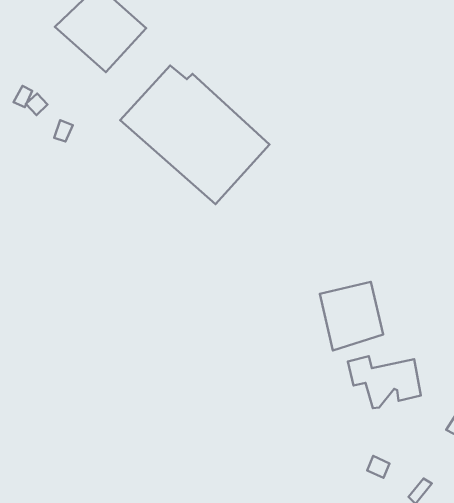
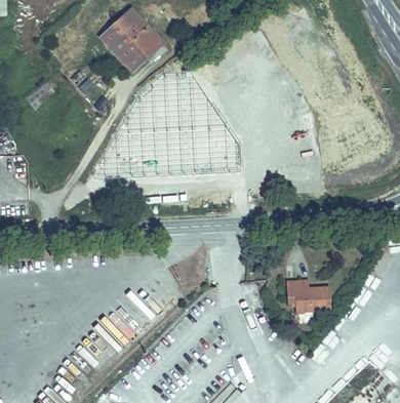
building: [320,282,383,350] -> none

